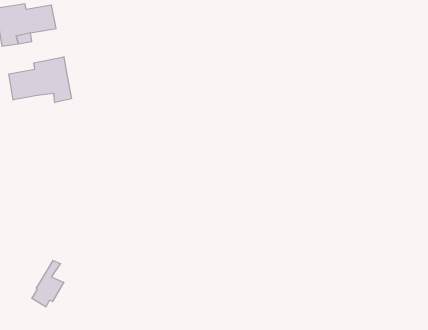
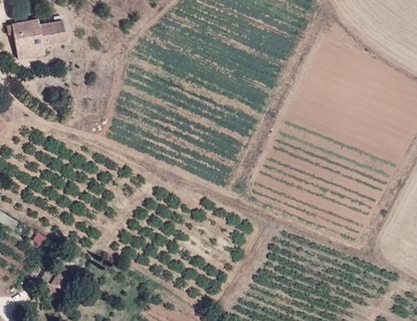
building: [9,57,71,103] -> none

